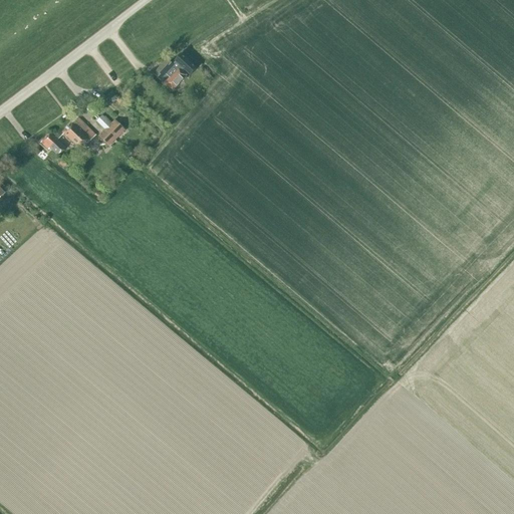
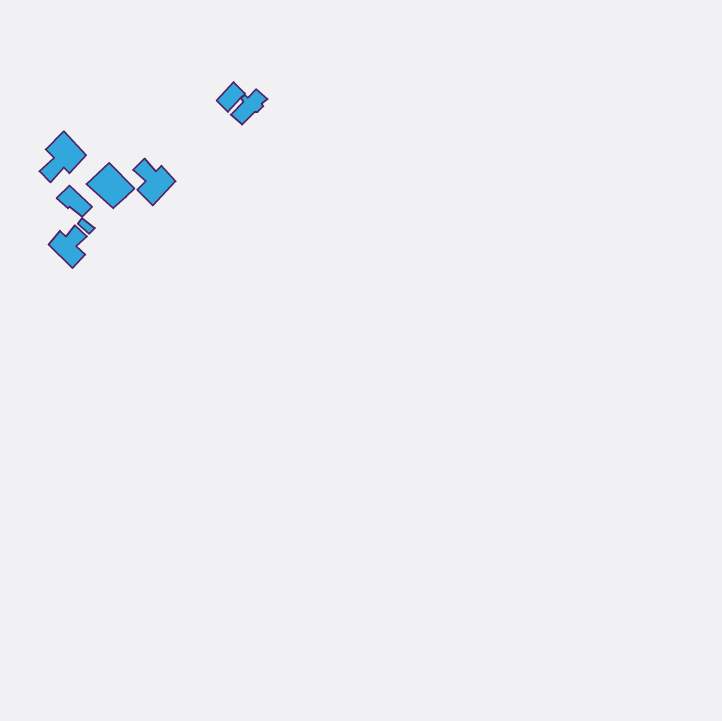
building: none -> [39,131,86,182]
building: none -> [49,225,87,268]

